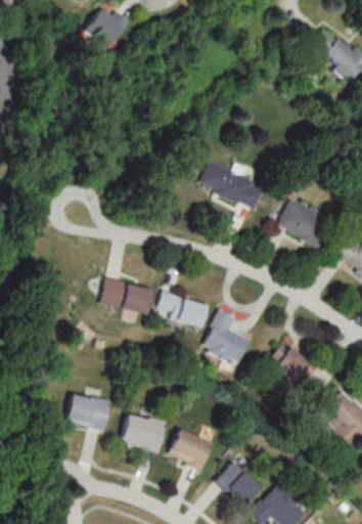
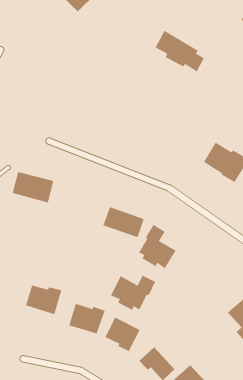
building: [199,160,263,210] -> [155,30,205,72]
building: [100,277,152,314] -> [12,172,54,203]
building: [268,340,318,386] -> none
building: none -> [110,275,156,310]

